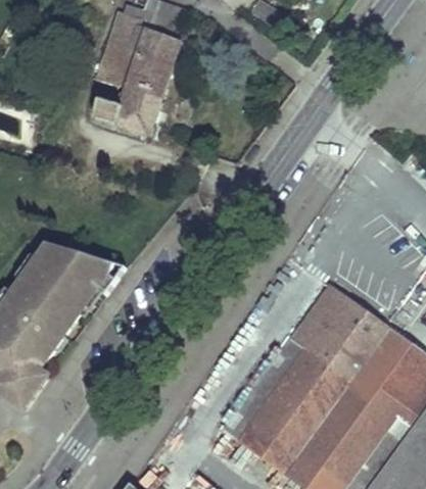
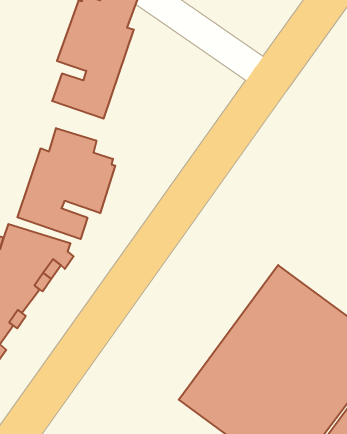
building: none -> [17,128,115,239]

